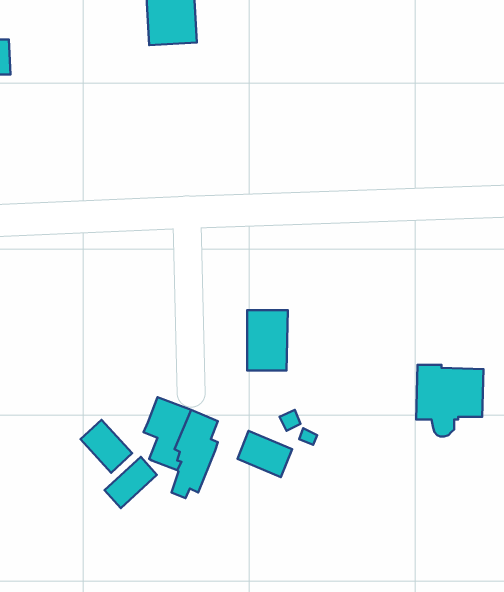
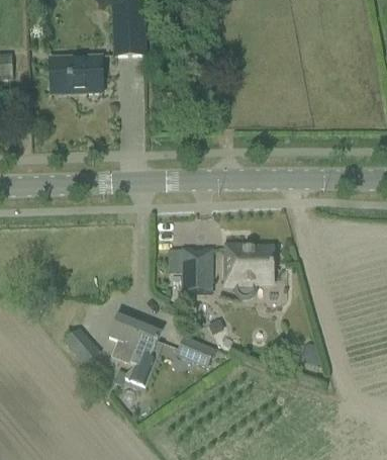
building: none -> [51,54,102,93]
building: [416,365,483,436] -> [225,244,274,295]
building: [105,457,157,508] -> none

